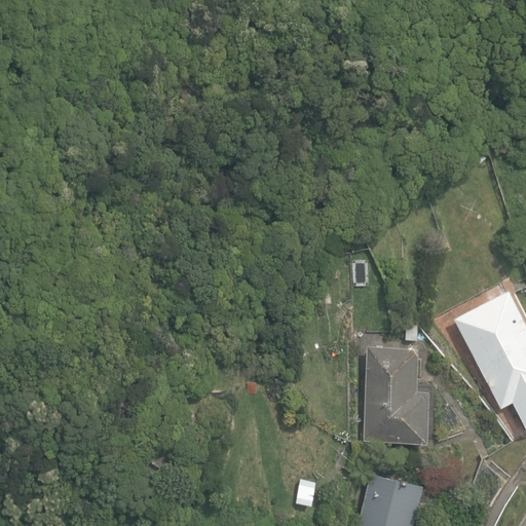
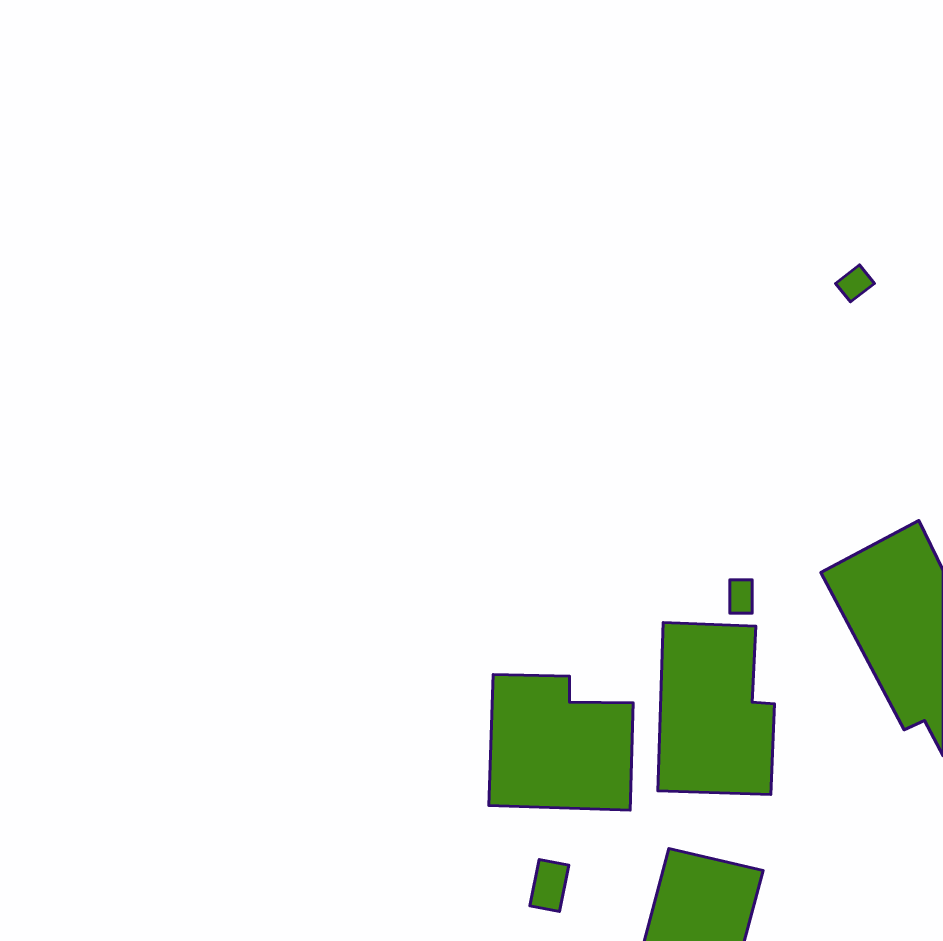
building: none -> [489,674,633,810]

